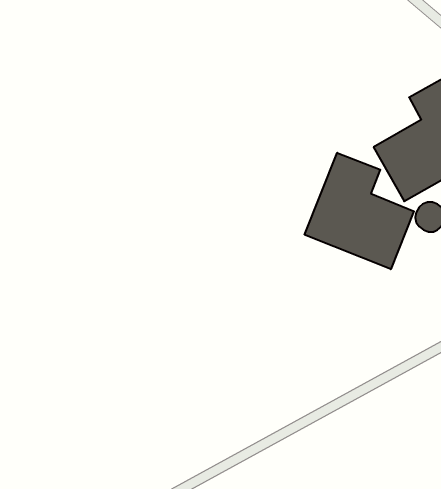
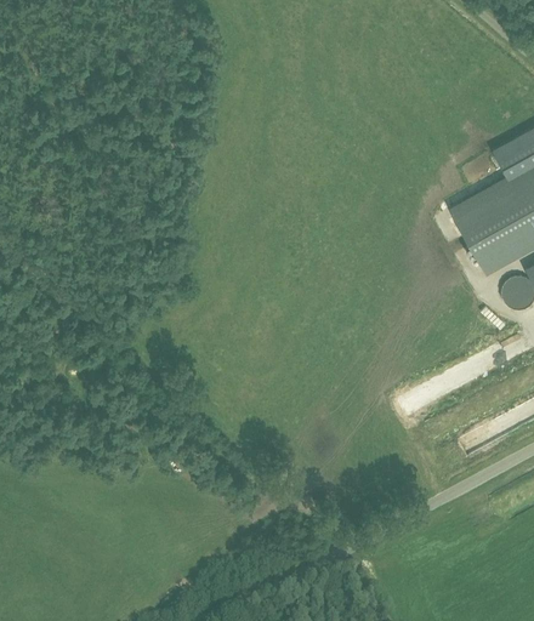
building: [305,153,414,269] -> none

